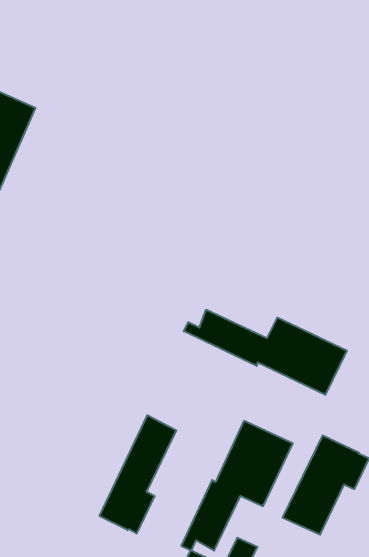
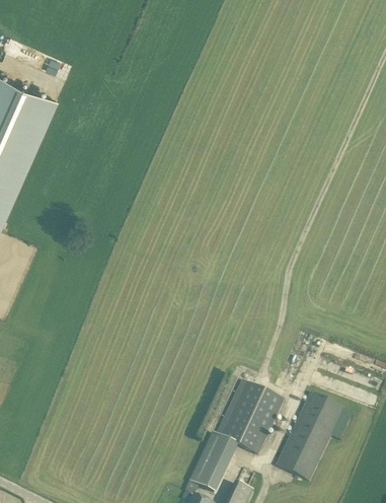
building: [184,310,347,395] -> none
building: [100,415,176,534] -> none

